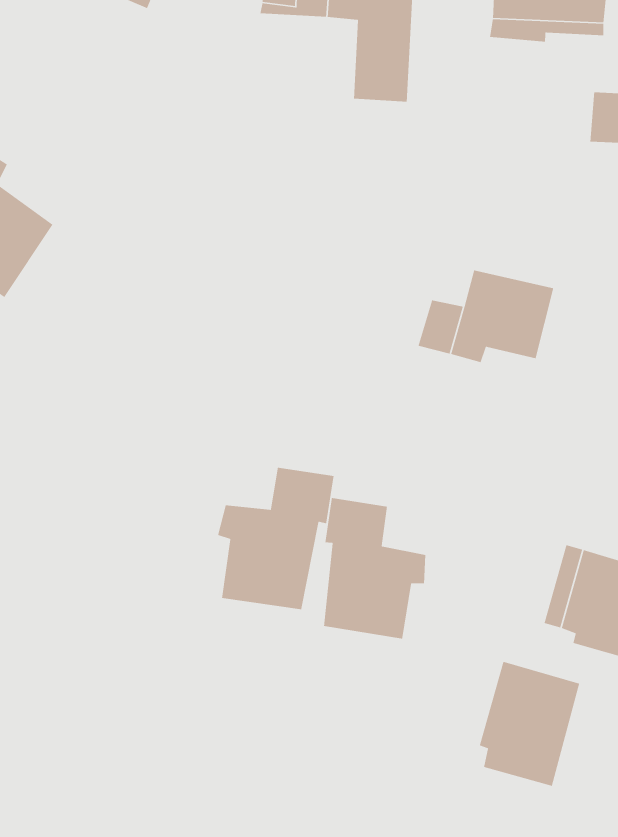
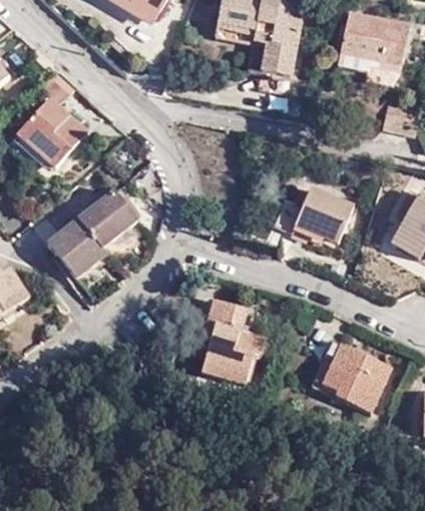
building: none -> [49,190,138,278]
building: [217,467,335,610] -> none
building: [479,661,580,787] -> none

